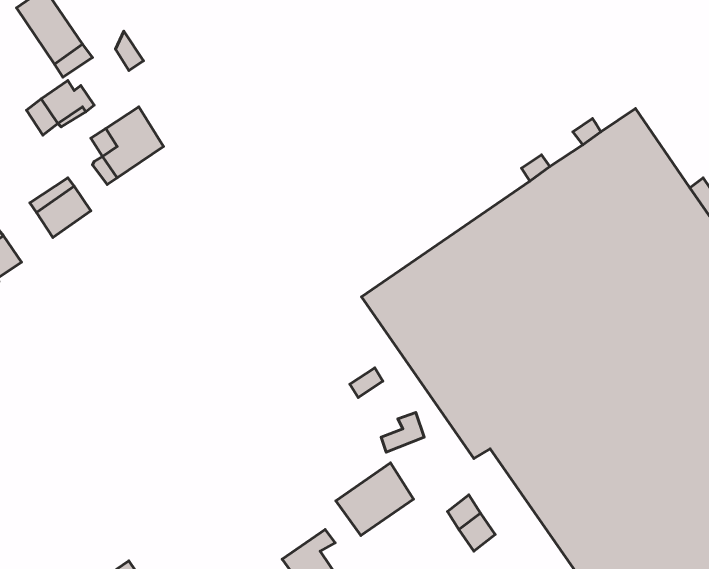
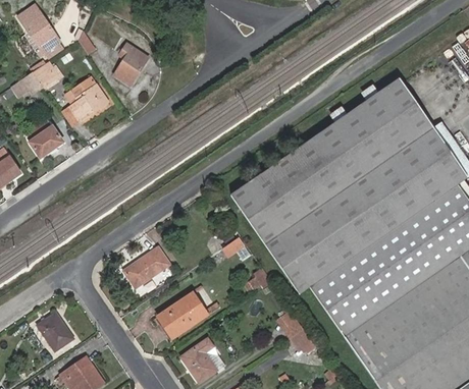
building: none -> [115,44,148,85]
building: none -> [124,247,169,287]
building: [336,463,414,535] -> [159,292,207,337]
building: none -> [39,313,73,349]

